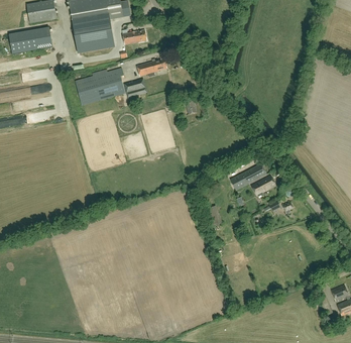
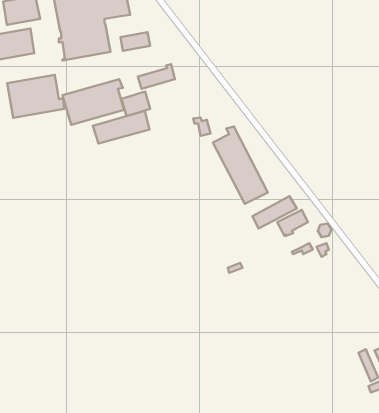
building: none -> [7,75,64,118]
building: none -> [93,111,149,144]
building: none -> [213,126,268,204]

